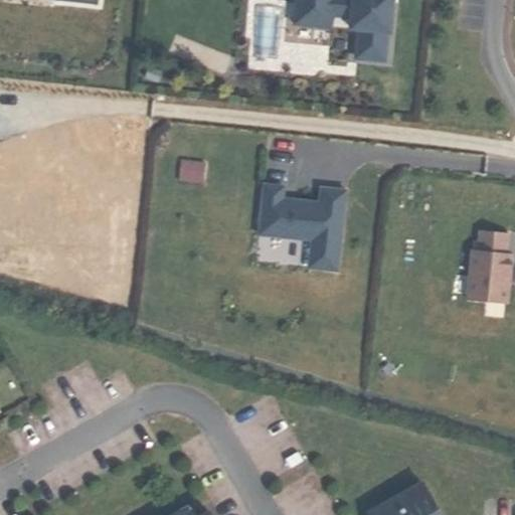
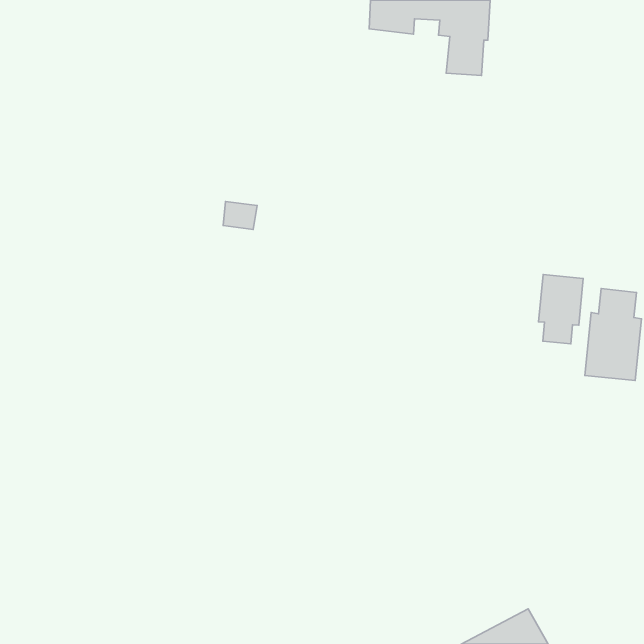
building: [259,185,346,271] -> none
building: none -> [539,275,583,344]

